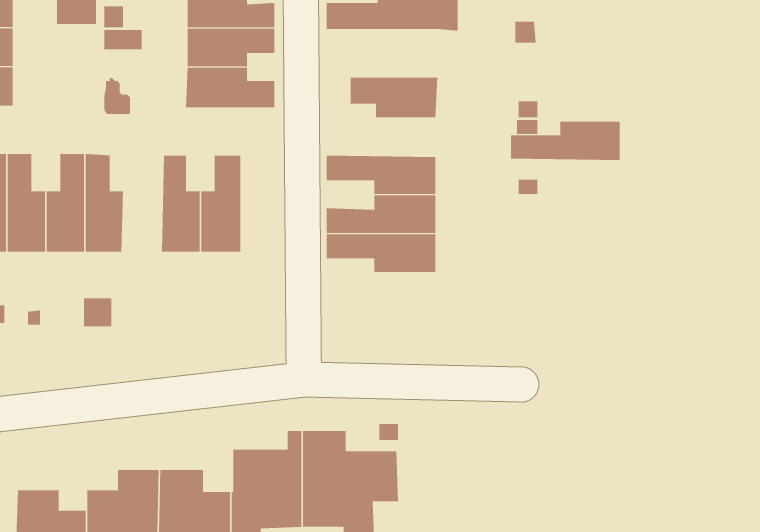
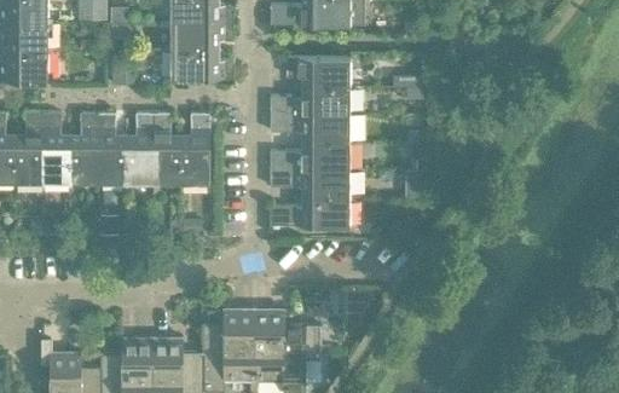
building: [510,121,621,160] -> [270,88,348,116]
building: none -> [125,115,154,184]
building: none -> [270,198,348,227]

